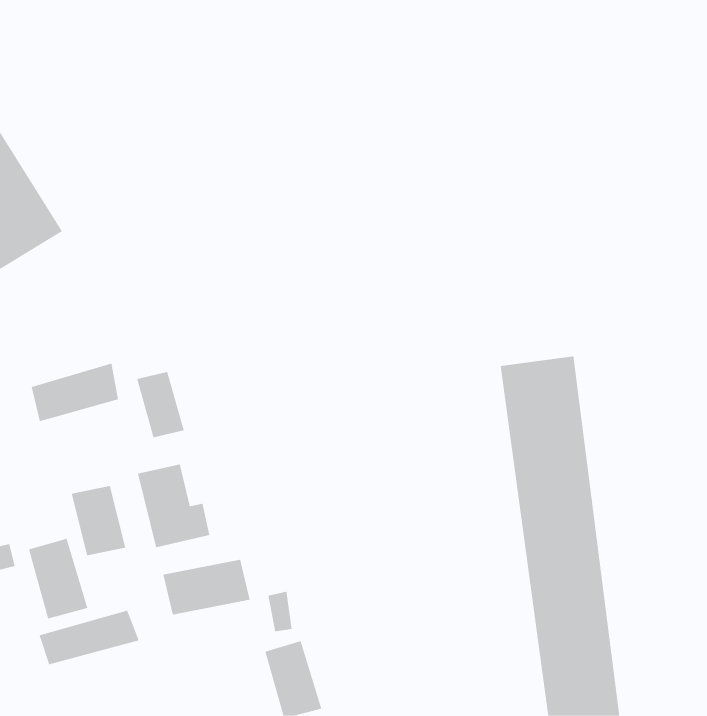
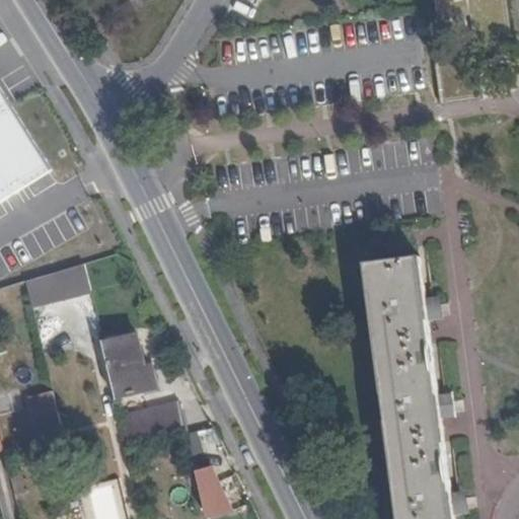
building: [137,371,184,438] -> none
building: [71,485,126,556] -> none
building: [39,610,140,665] -> none

